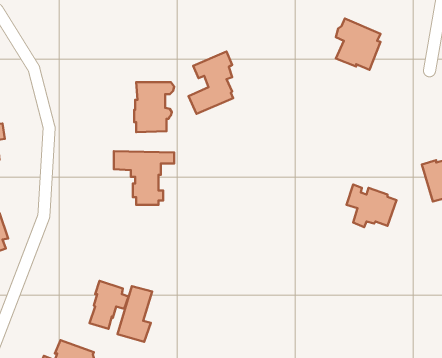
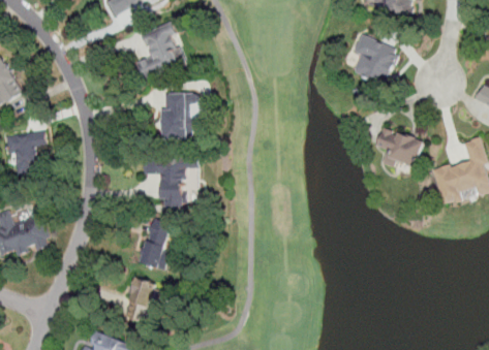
building: [189,51,233,114] -> [135,22,177,79]
building: [346,185,397,227] -> [376,127,423,166]
building: [117,286,152,342] -> [139,218,171,269]

